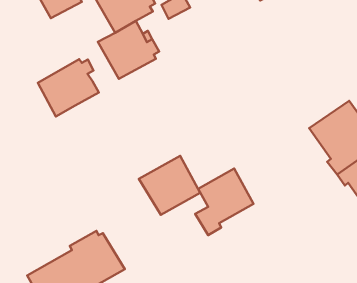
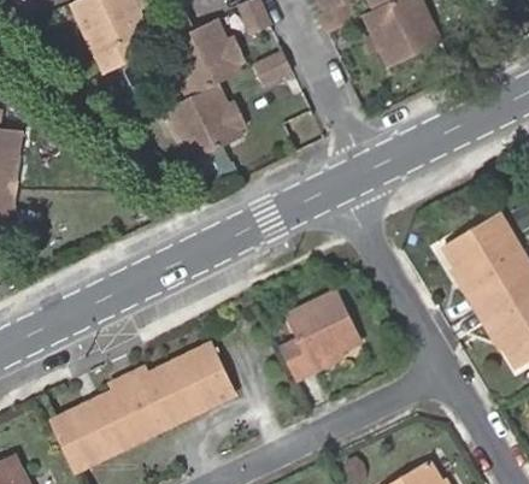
building: [38,59,99,116] -> none
building: [139,156,200,215] -> [154,341,236,419]

